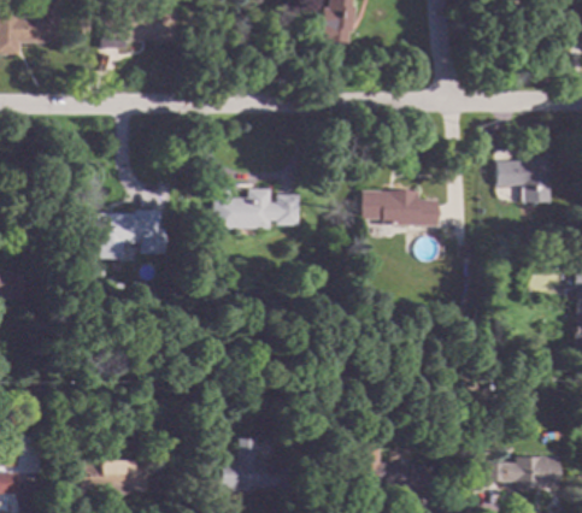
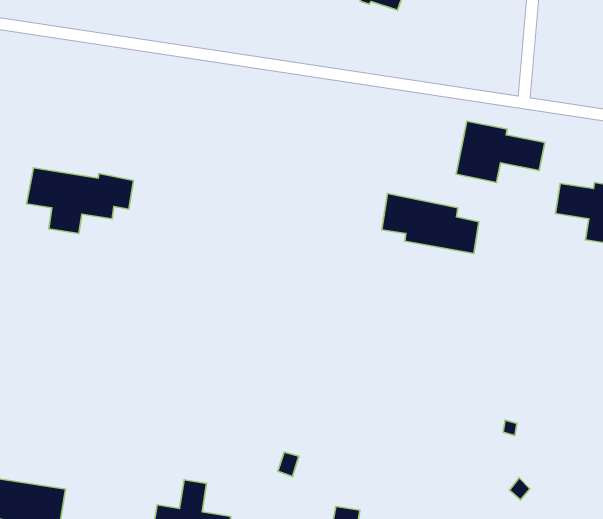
building: none -> [456,121,545,182]
building: [216,185,300,230] -> none

